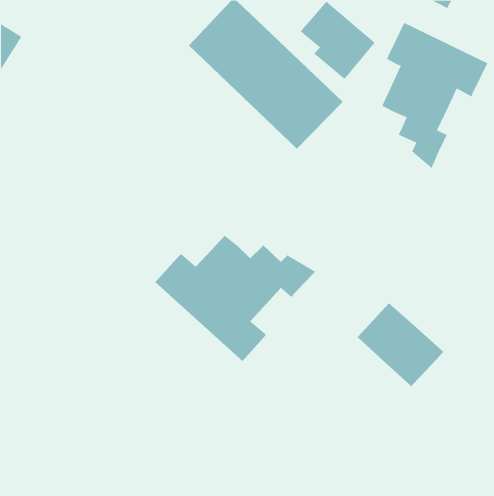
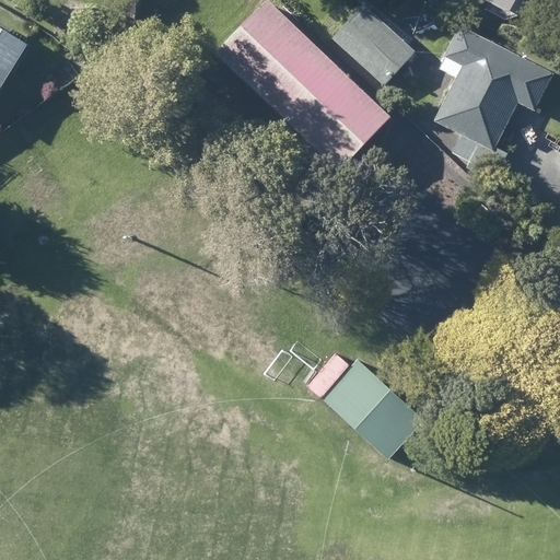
building: [154,235,316,362] -> none
building: [357,302,444,388] -> [325,362,423,458]

